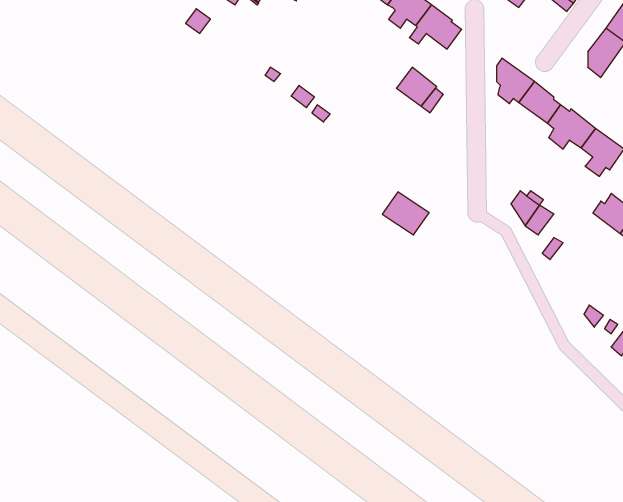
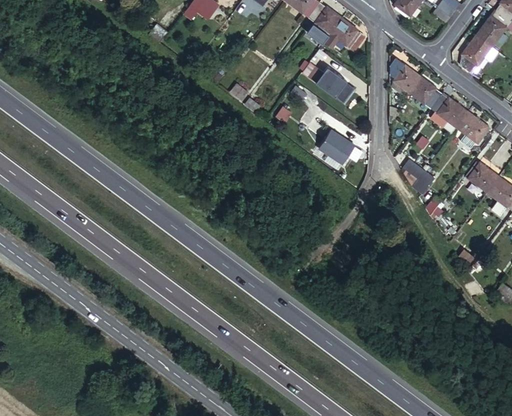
building: [382,192,429,235] -> [319,128,355,161]

